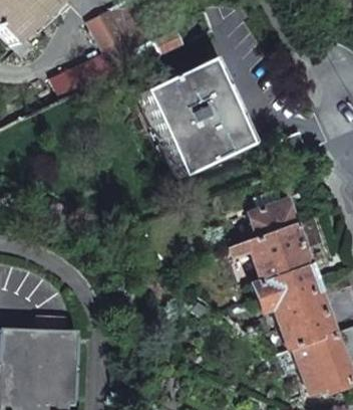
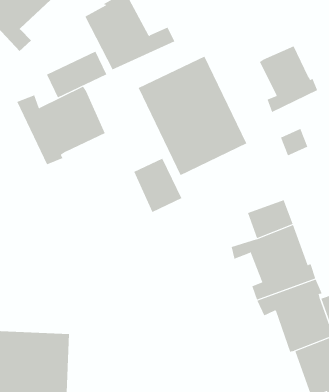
building: none -> [259,45,318,113]
building: none -> [16,86,106,165]
building: none -> [134,158,182,213]

